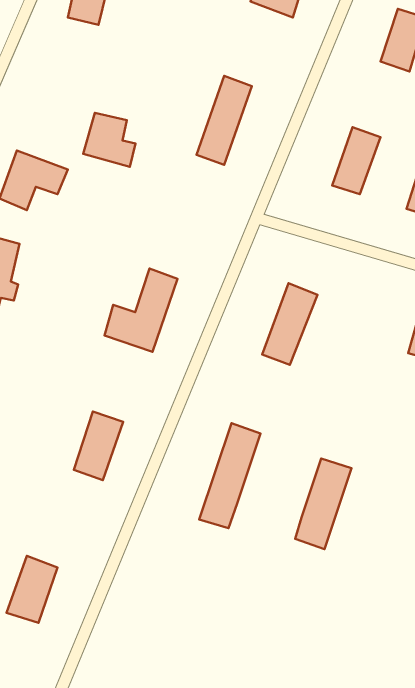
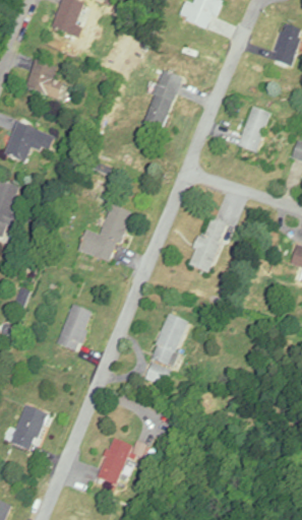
building: [83,113,136,167] -> [26,60,63,98]
building: [295,459,351,549] -> none
building: none -> [97,437,133,485]

